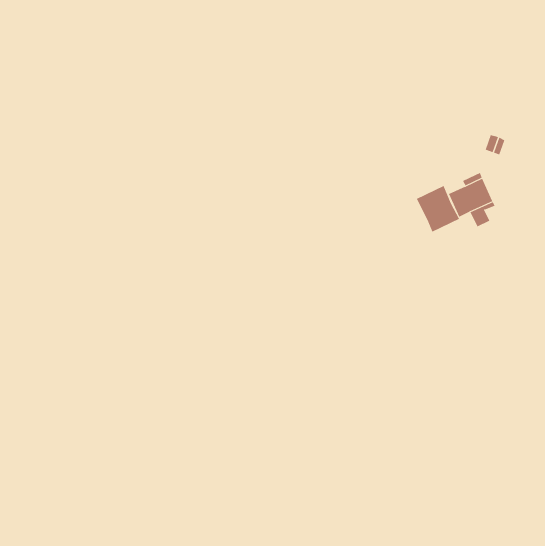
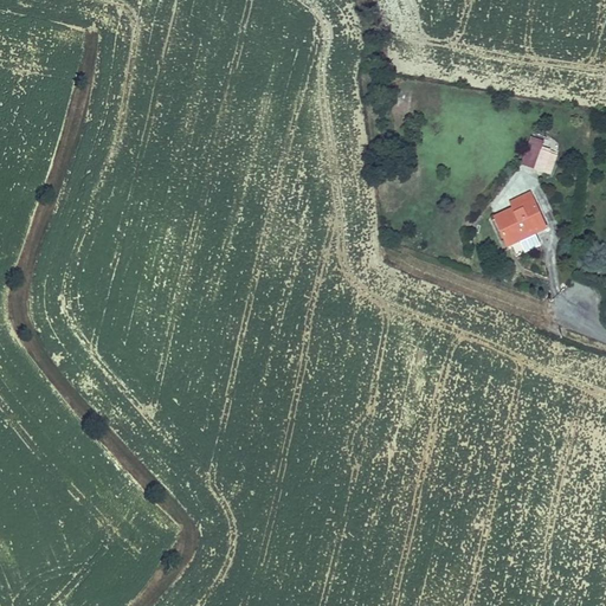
building: [416,185,460,233] -> none

